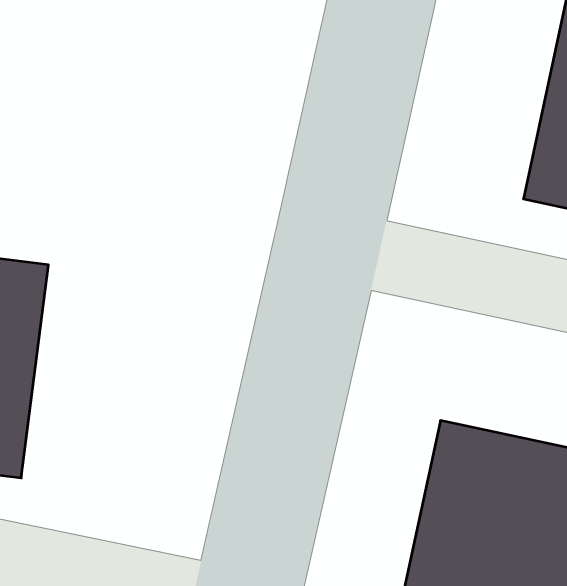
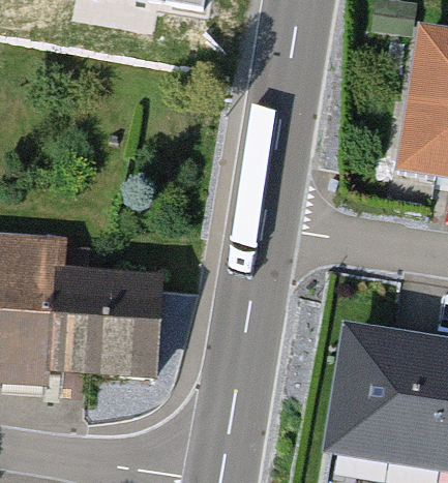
building: none -> [62,272,171,382]

